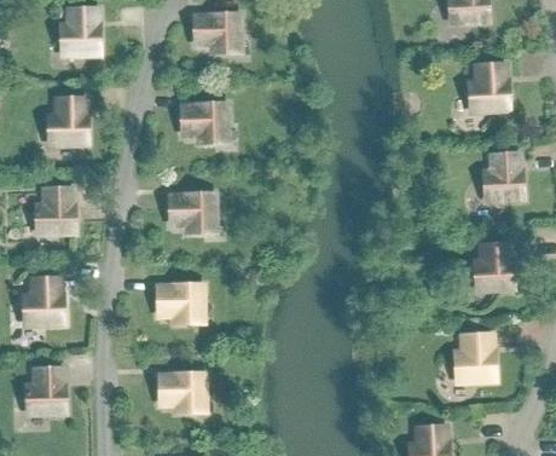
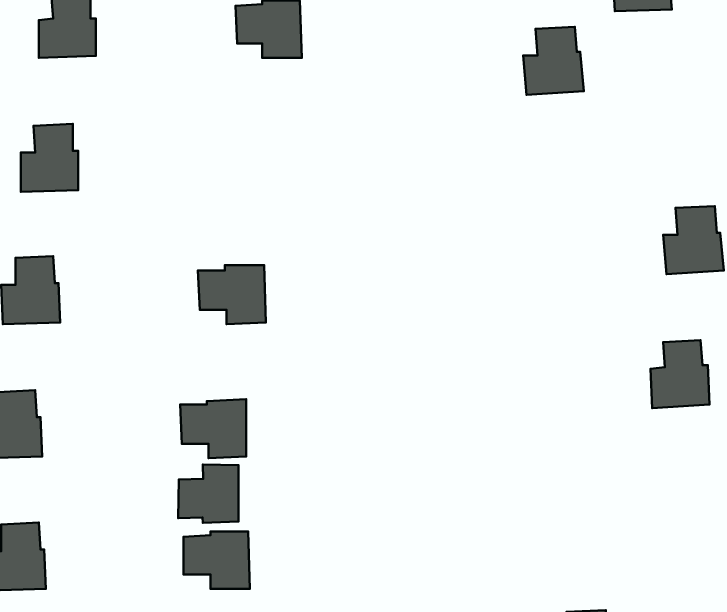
building: [468,64,509,110] -> [523,27,584,95]
building: [180,103,226,142] -> none
building: none -> [178,465,239,523]
building: [454,334,494,380] -> none

